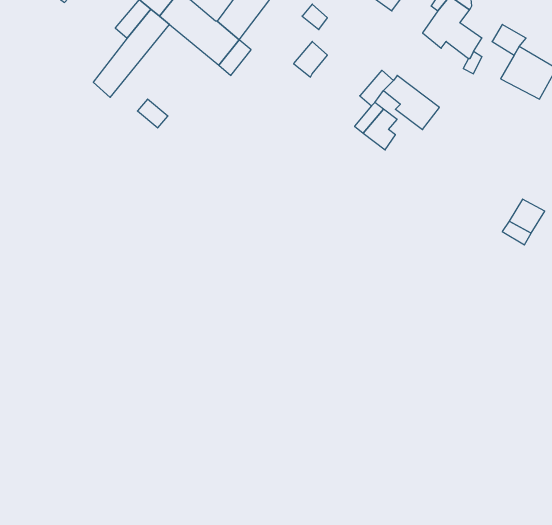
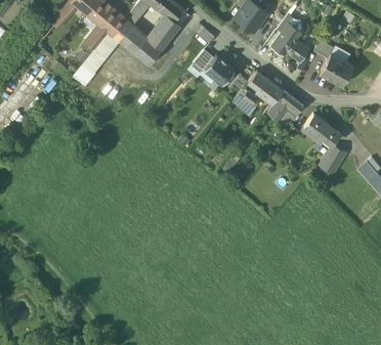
building: none -> [205,54,236,84]
building: none -> [267,91,303,124]
building: none -> [303,114,340,143]

